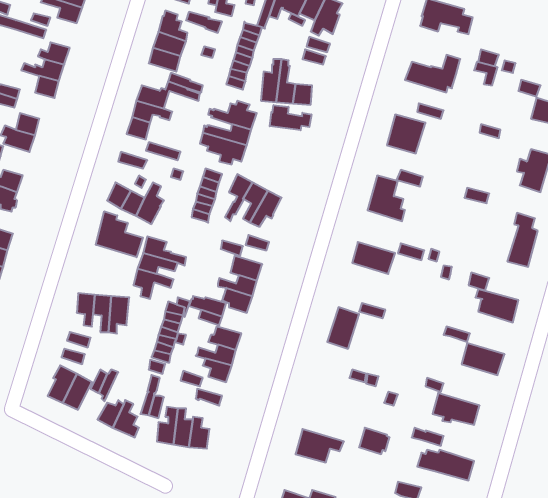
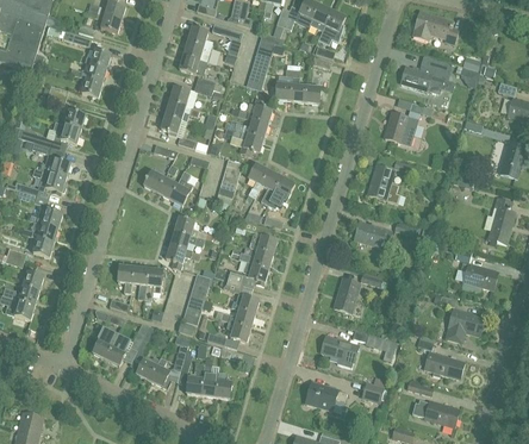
building: [270,105,311,130] -> none
building: [96,211,143,257] -> none
building: none -> [320,334,357,367]

